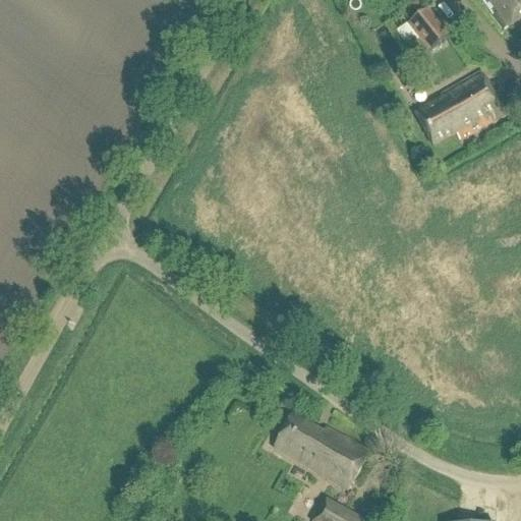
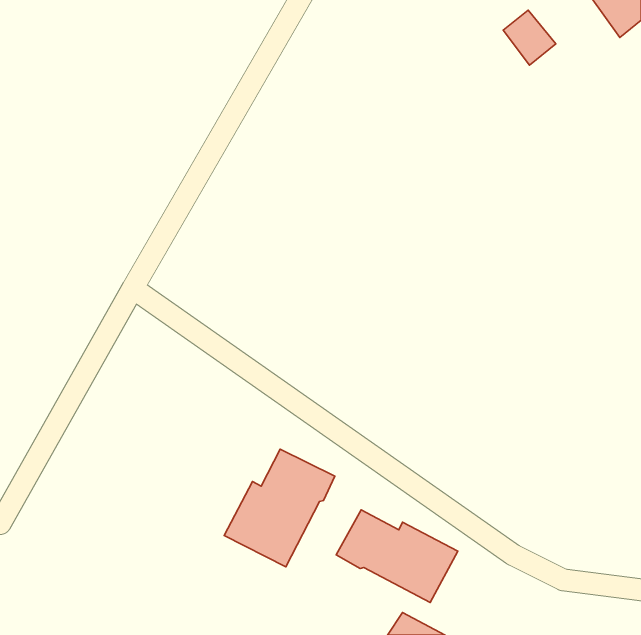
building: [416,70,506,144] -> none
building: none -> [224,449,335,567]

